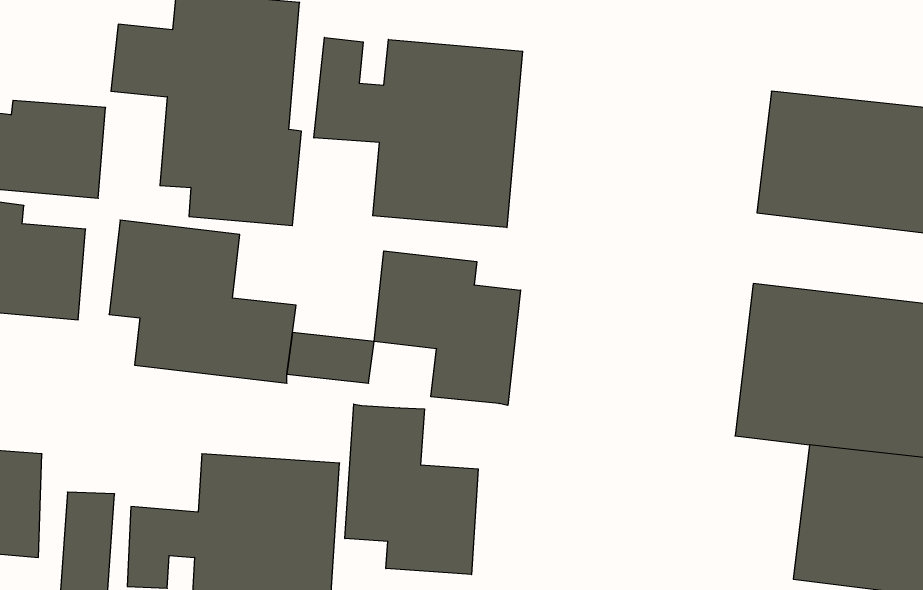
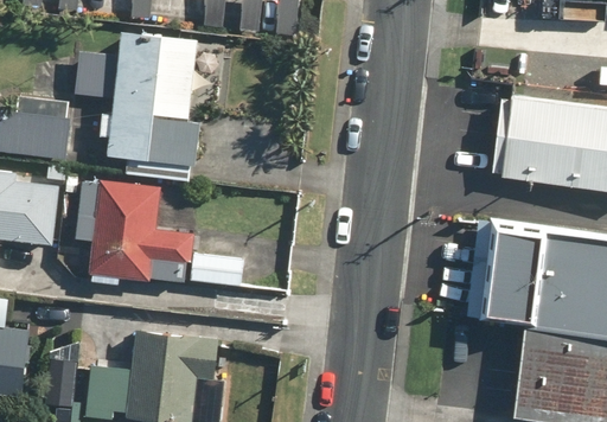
building: [314,37,523,228] -> none
building: [374,251,521,405] -> none
building: [345,404,478,575] -> none

